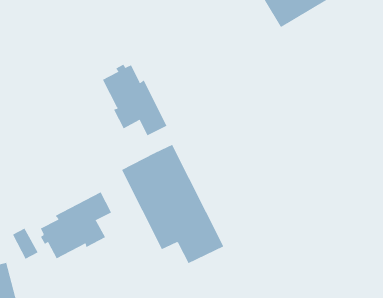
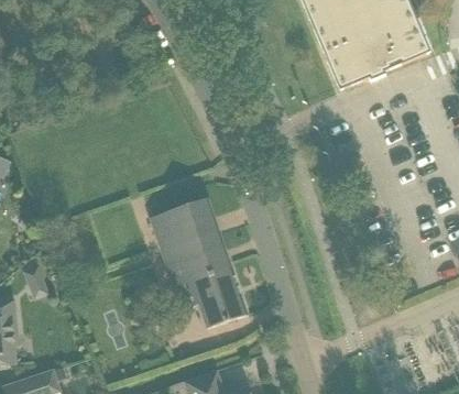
building: [102,64,167,136] -> none
building: [40,191,112,259] -> none

